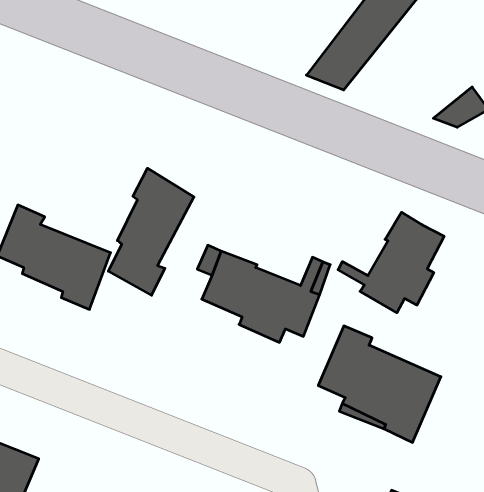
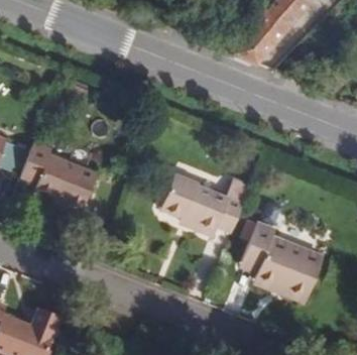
building: [108,168,194,295] -> none
building: [338,212,444,313] -> none

